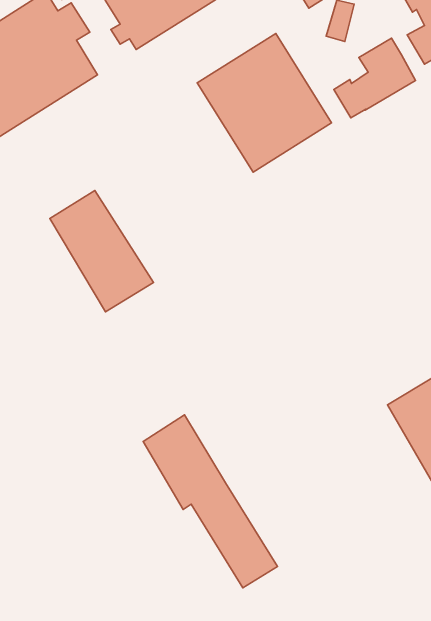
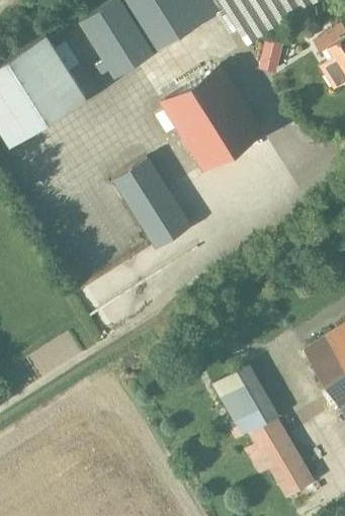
building: [334,38,416,118] -> none
building: [50,191,153,312] -> [113,157,192,249]
building: [143,415,277,588] -> [212,367,315,499]

